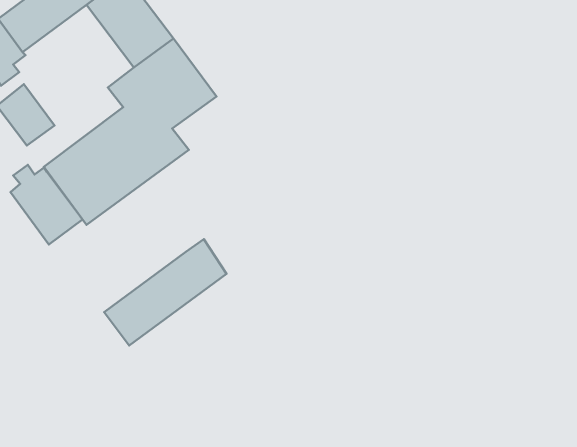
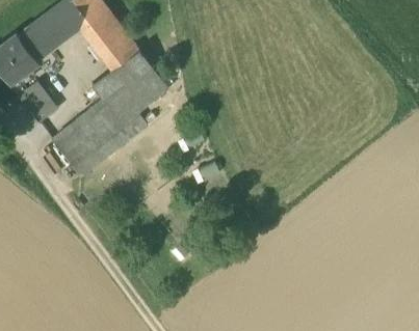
building: [10,165,83,244] -> none
building: [104,239,227,346] -> none

